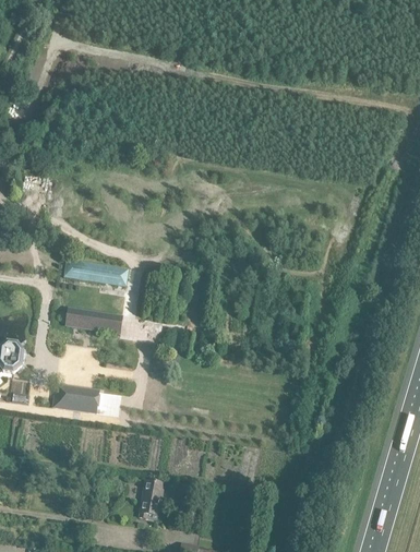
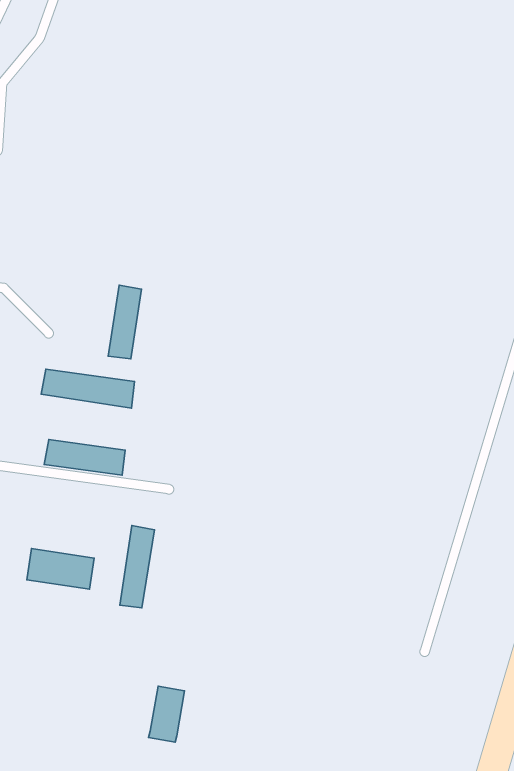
building: none -> [108,285,141,359]
building: none -> [120,526,155,608]

